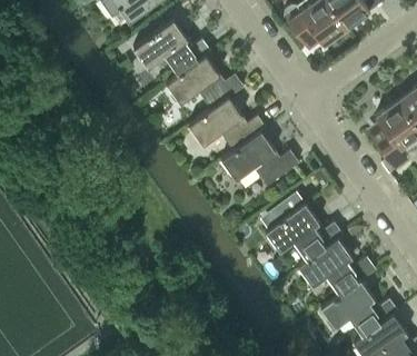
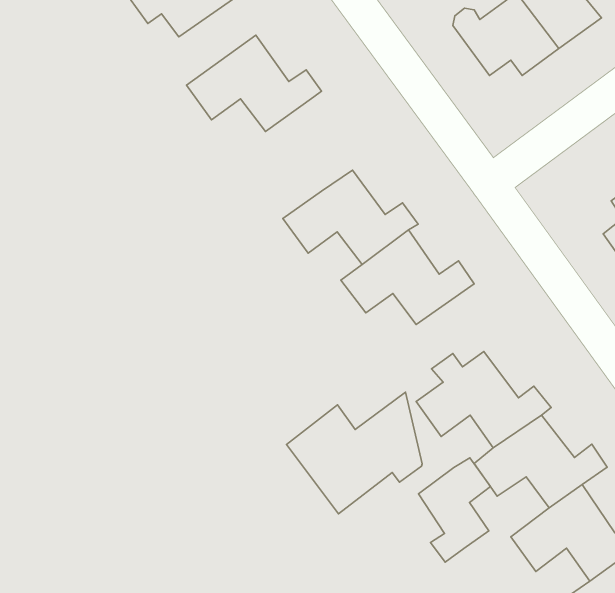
building: [166,57,242,111] -> none
building: none -> [287,392,422,514]
building: none -> [418,458,490,562]

